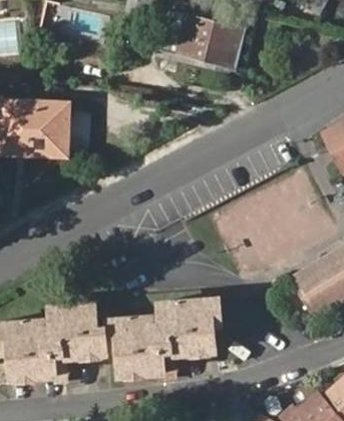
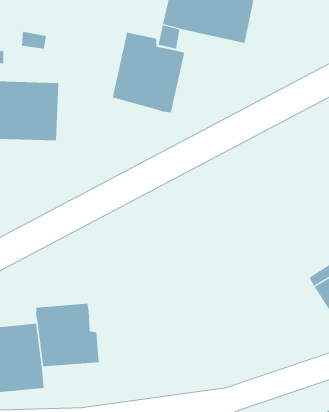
building: none -> [112,32,185,113]
building: [108,297,222,376] -> none

